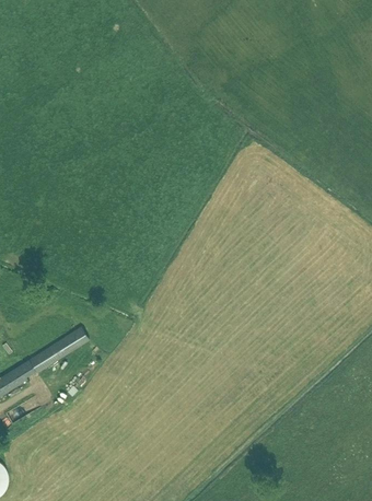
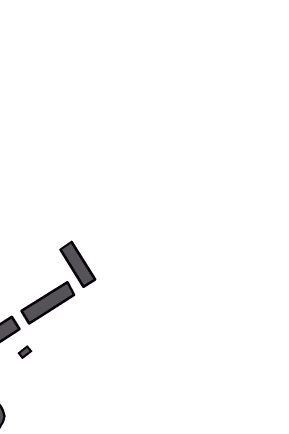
building: none -> [61,242,95,287]

